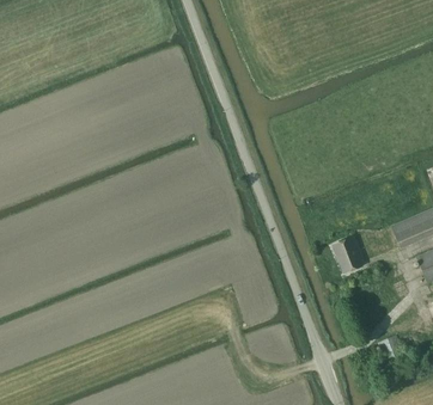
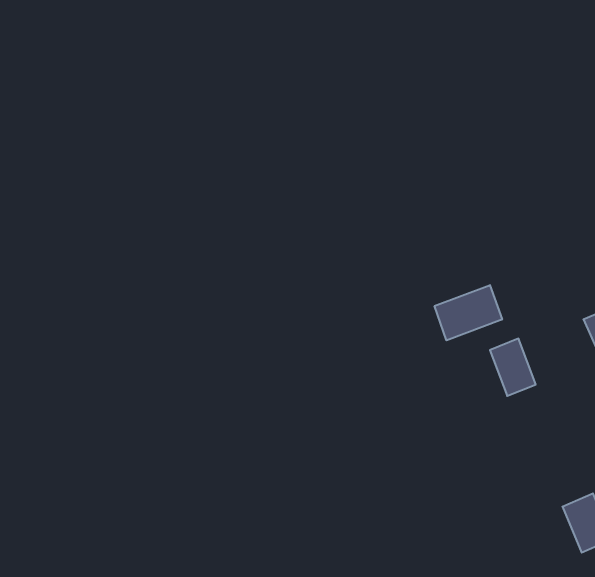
building: none -> [435,285,502,340]

